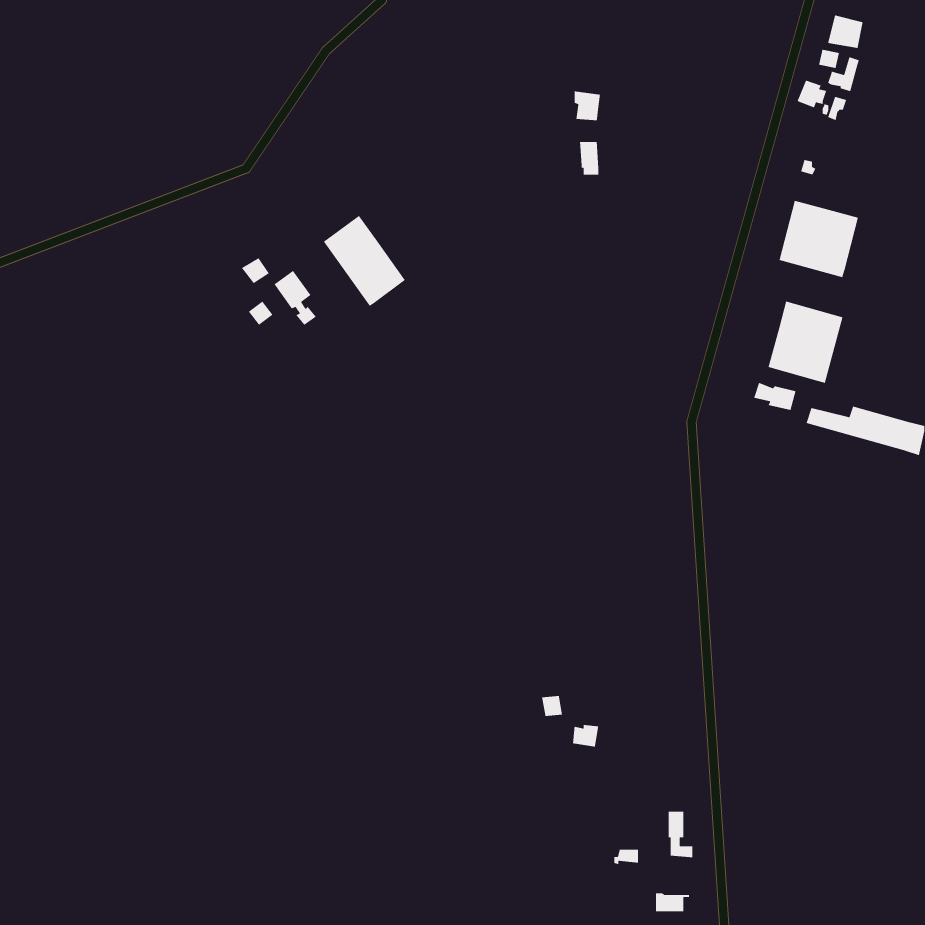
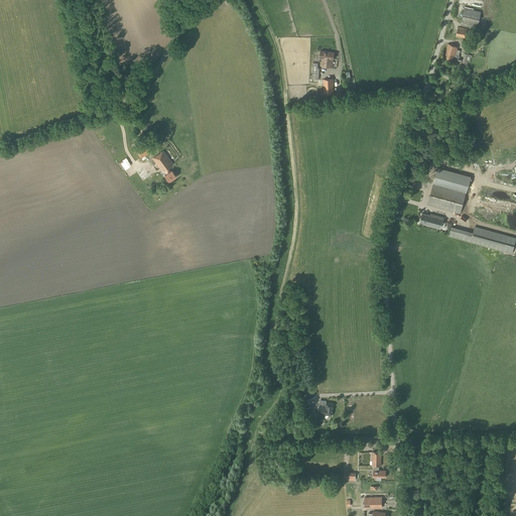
building: [778,200,859,278] -> none
building: [323,215,406,307] -> none

